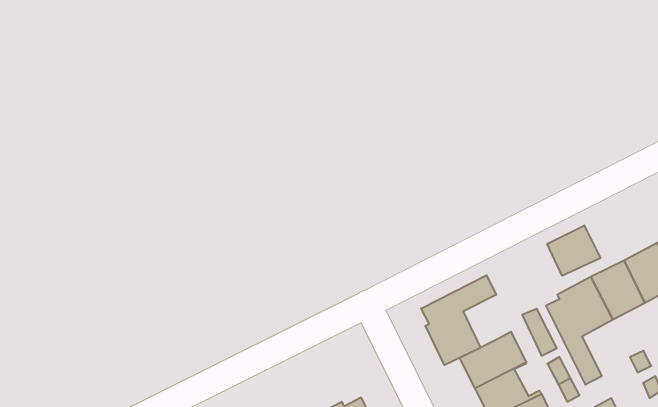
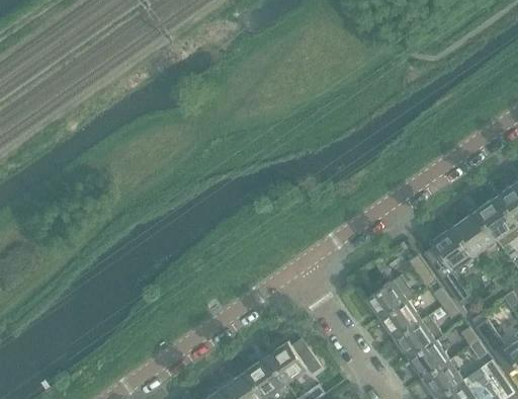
building: [547,225,600,276] -> none
building: [421,275,496,365] -> none

